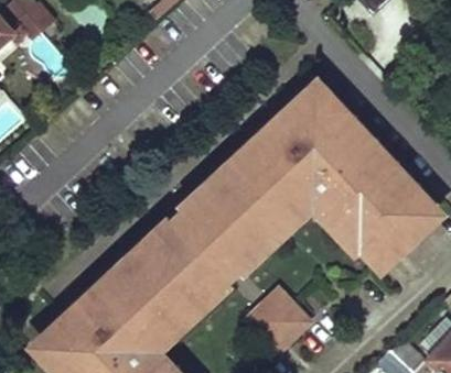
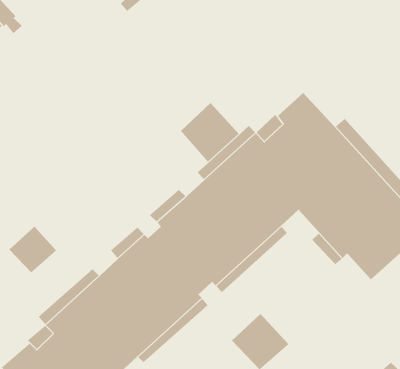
building: none -> [180,102,239,162]
building: none -> [9,226,57,273]

